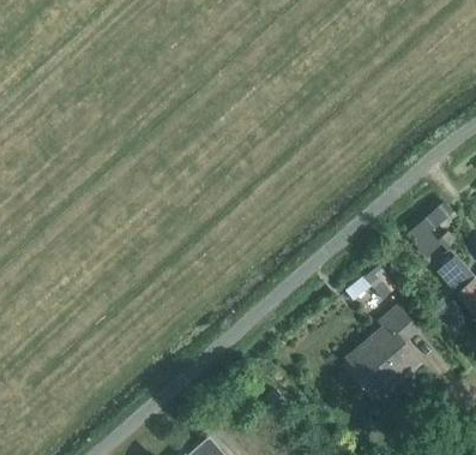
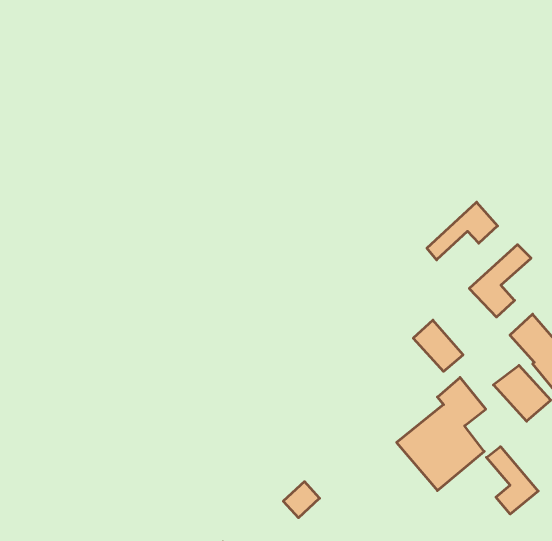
building: none -> [427,202,498,260]
building: none -> [486,447,538,514]

